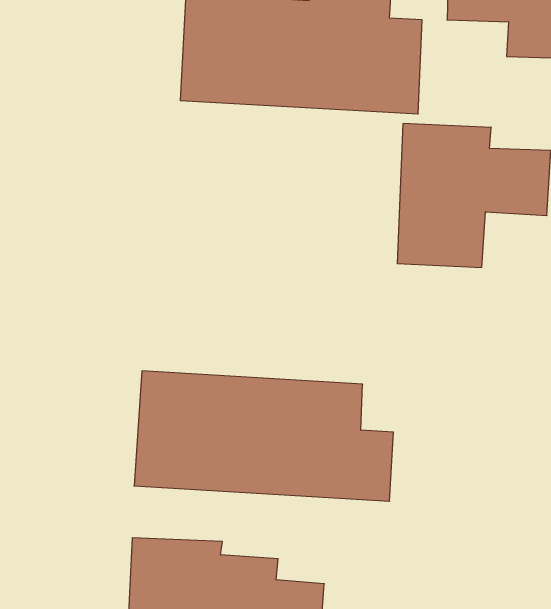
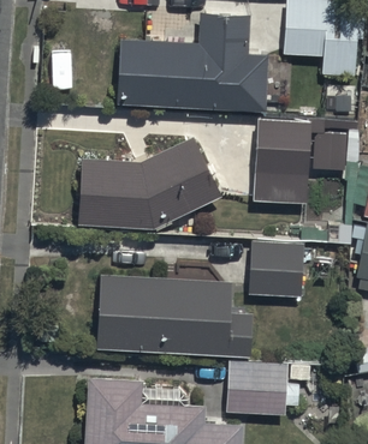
building: none -> [75,136,221,227]
building: none -> [249,240,303,296]
building: none -> [225,362,310,416]

